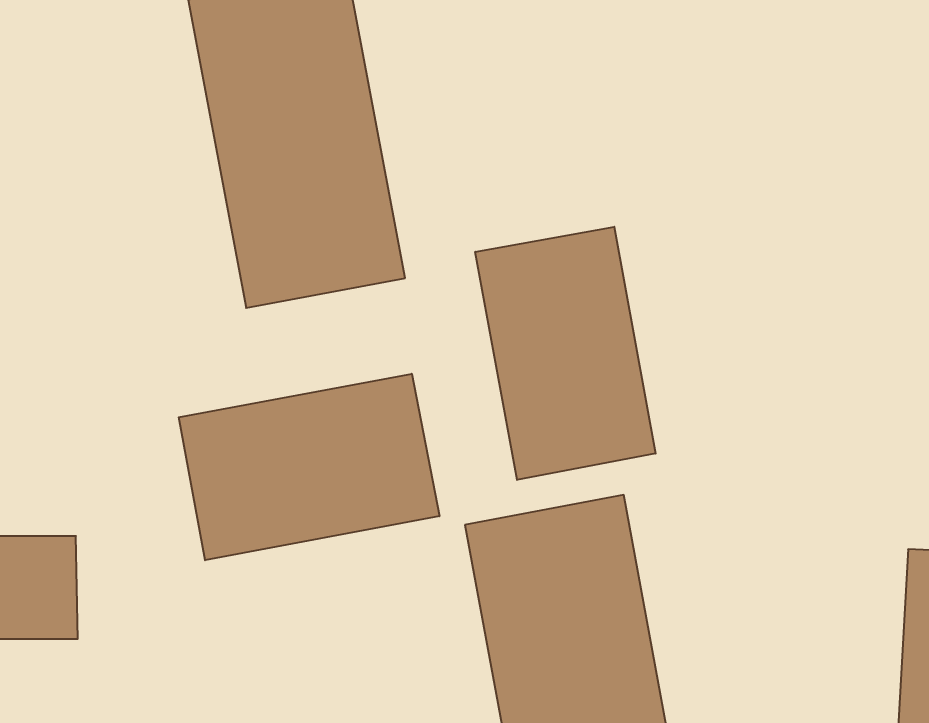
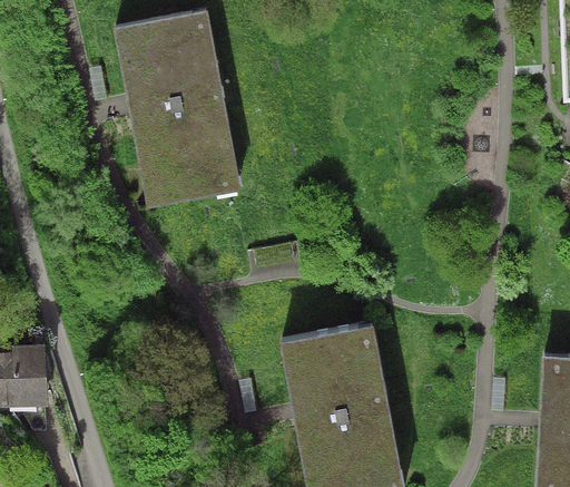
building: [475,227,656,480] -> none
building: [179,374,439,560] -> none

